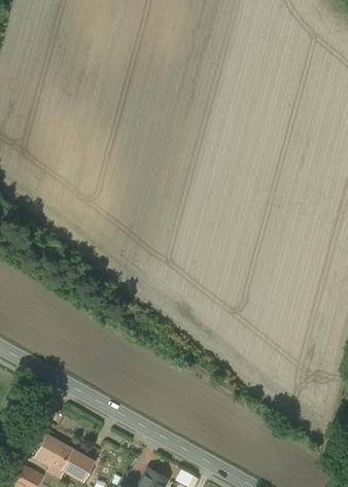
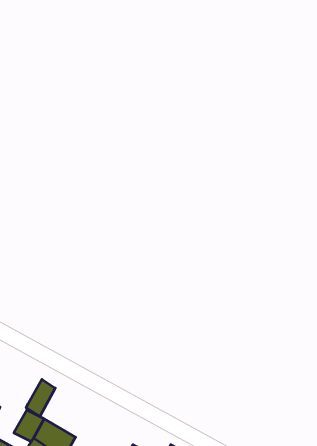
building: none -> [26,379,55,417]

